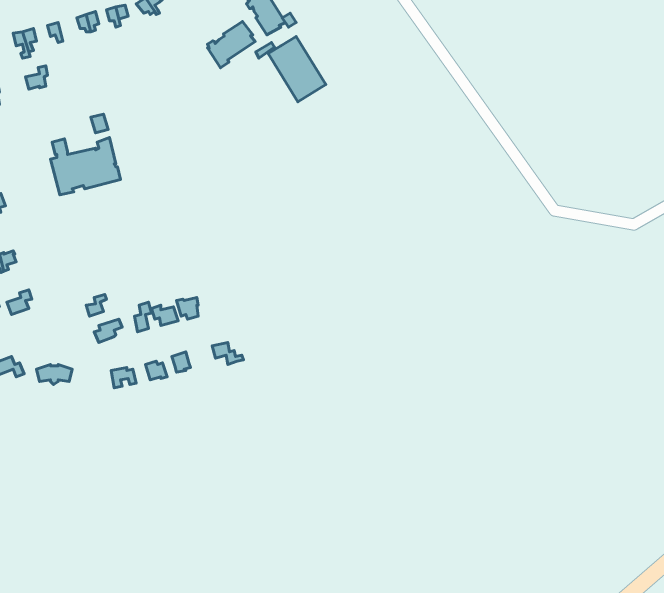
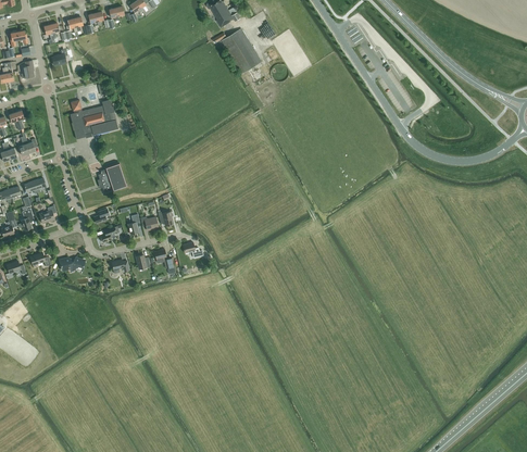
building: [208,21,255,68] -> none
building: none -> [98,163,126,191]

